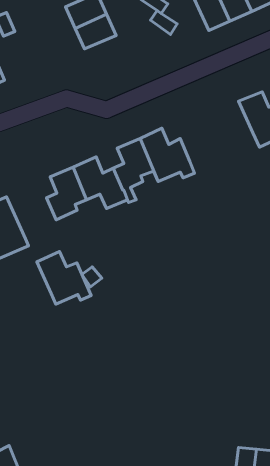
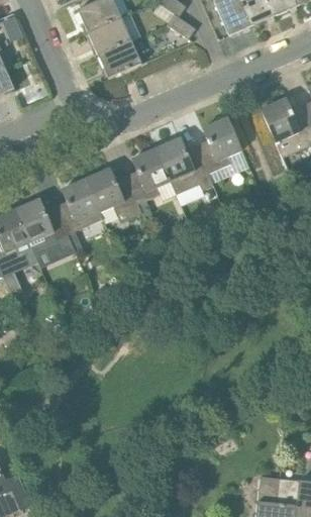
building: none -> [98,39,141,77]
building: none -> [199,116,242,173]
building: [37,251,91,304] -> [15,199,73,254]

